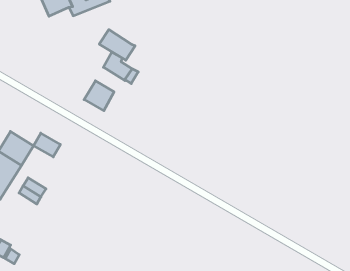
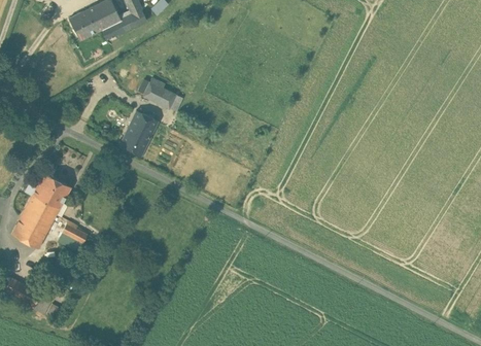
building: [99,30,135,60] -> none
building: [34,133,60,157] -> [117,132,147,158]

